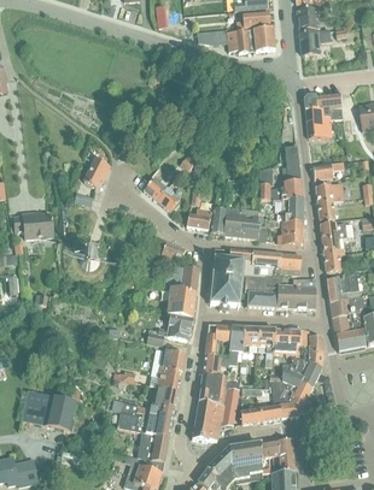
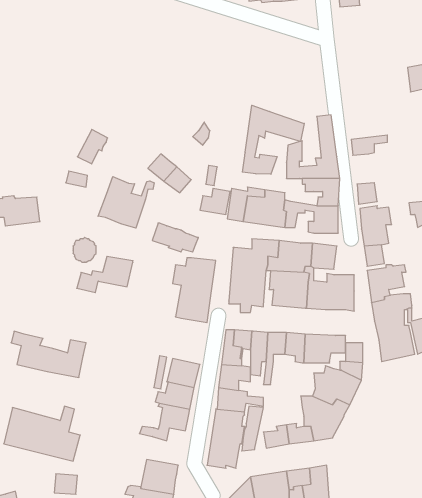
building: [305,93,344,138] -> none
building: none -> [242,105,304,174]
building: [314,178,343,203] -> none
building: none -> [98,177,154,228]
building: [145,315,192,346] -> [77,256,133,293]
building: [111,400,174,438] -> [11,331,86,377]

